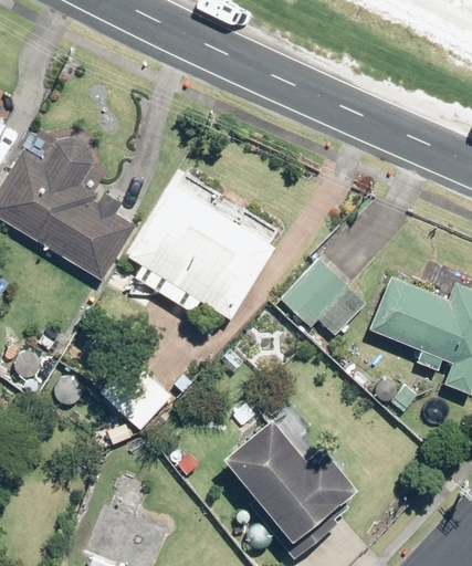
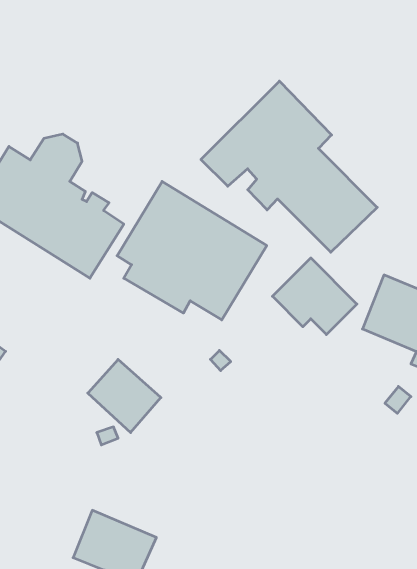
building: none -> [201,81,377,252]
building: [223,402,346,543] -> none

